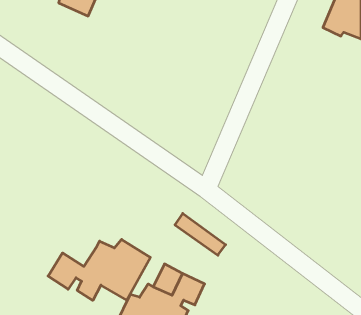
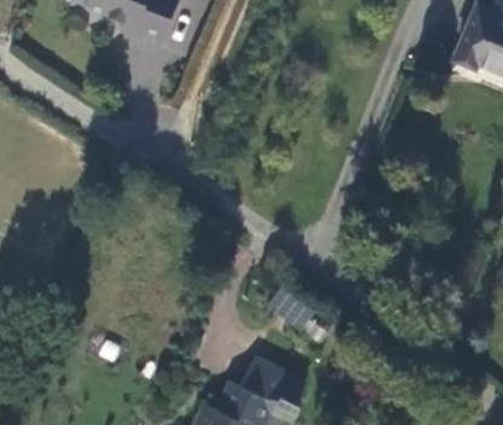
building: [48,239,150,300] -> none

